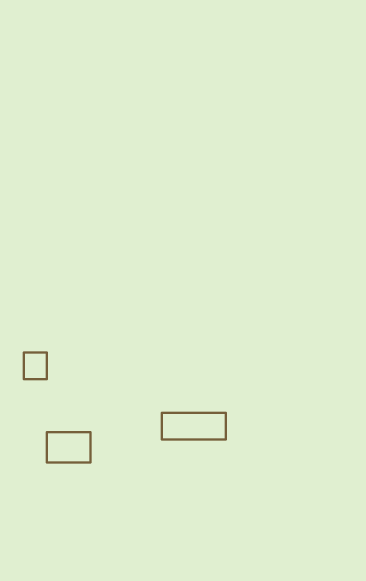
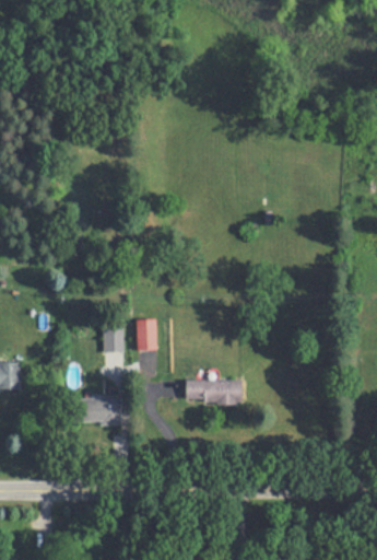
building: none -> [140,318,157,350]
building: [24,353,47,379] -> [103,328,123,352]

